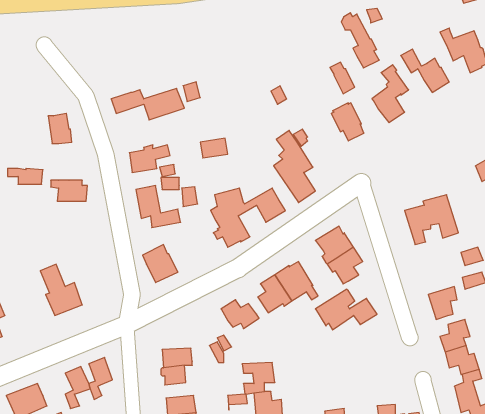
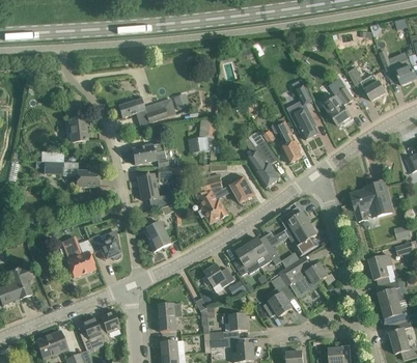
building: [341,13,379,68] -> [272,119,302,163]
building: none -> [86,233,120,259]
building: none -> [262,275,294,316]

